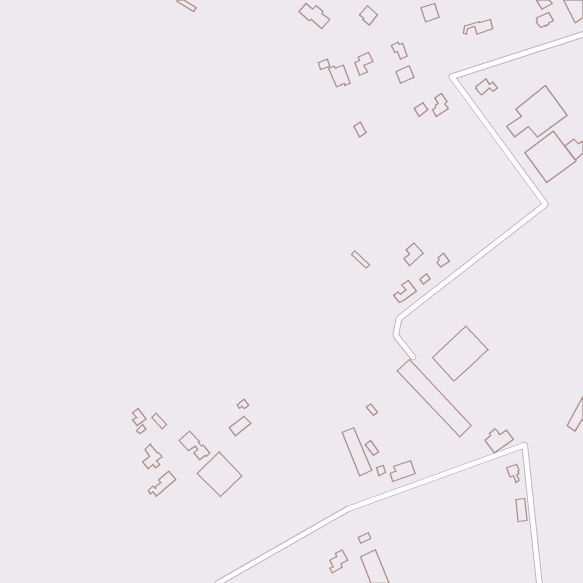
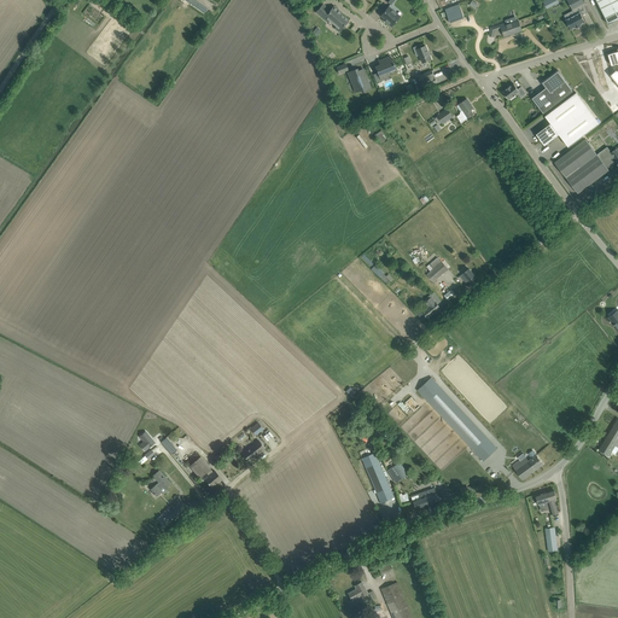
building: none -> [532,71,573,113]
building: [433,326,488,381] -> none
building: [197,452,242,497] -> none

